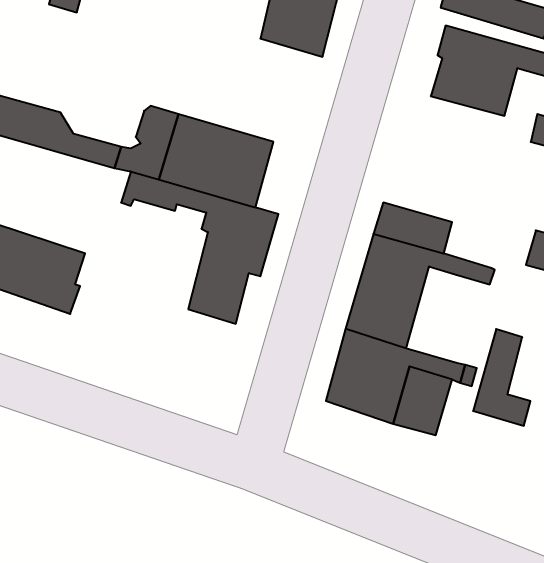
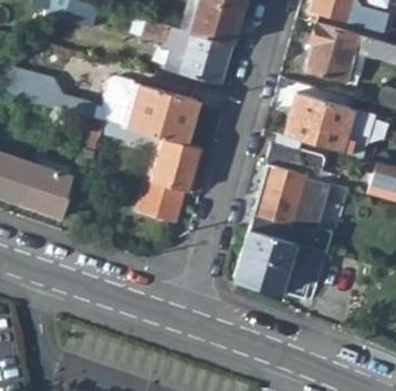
building: none -> [140,20,232,85]
building: none -> [285,93,361,154]
building: [473,329,530,426] -> [289,186,327,251]

